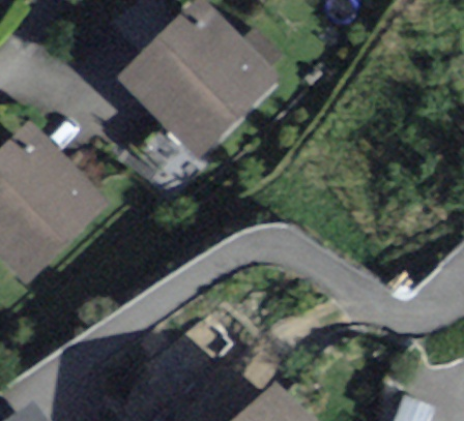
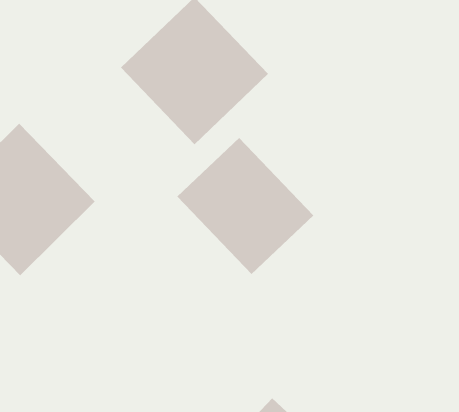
building: none -> [176,137,314,275]

